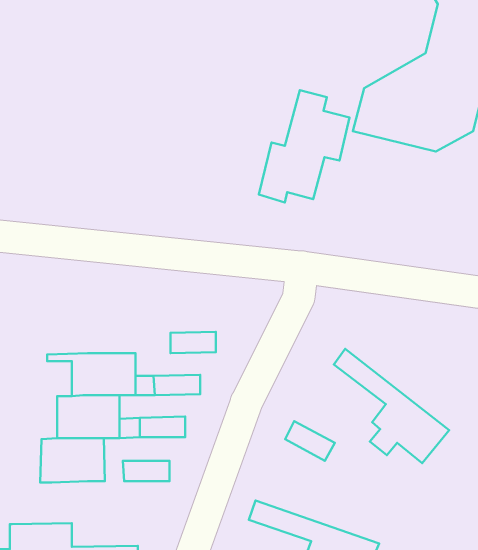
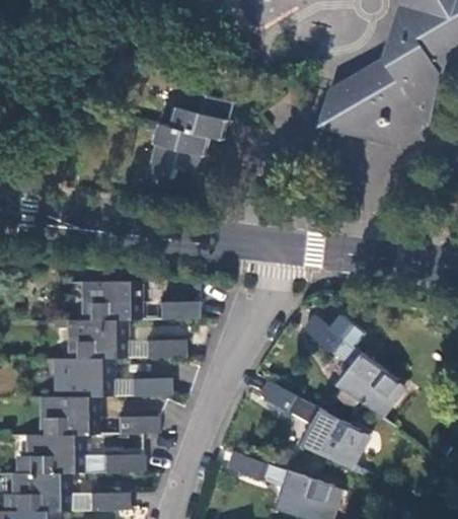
building: [259,90,350,202] -> [149,76,230,176]
building: none -> [83,281,140,319]
building: none -> [300,409,372,469]
building: none -> [15,434,143,472]

